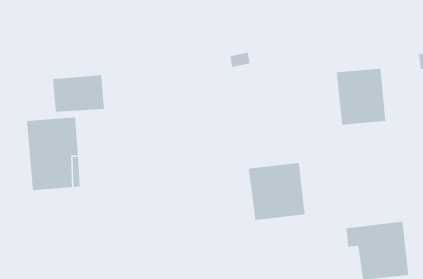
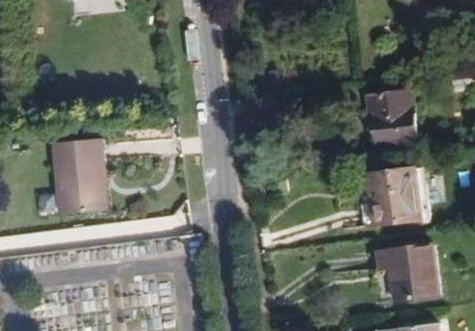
building: [52,75,105,113] -> none
building: [248,162,306,221] -> [364,168,422,227]

